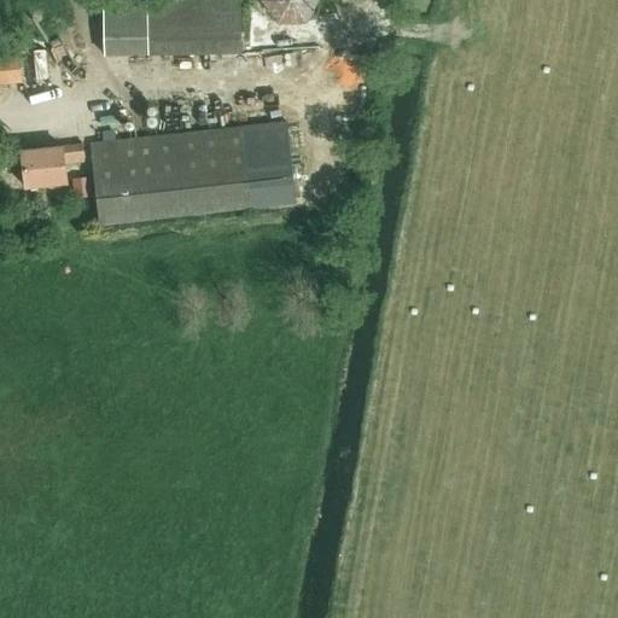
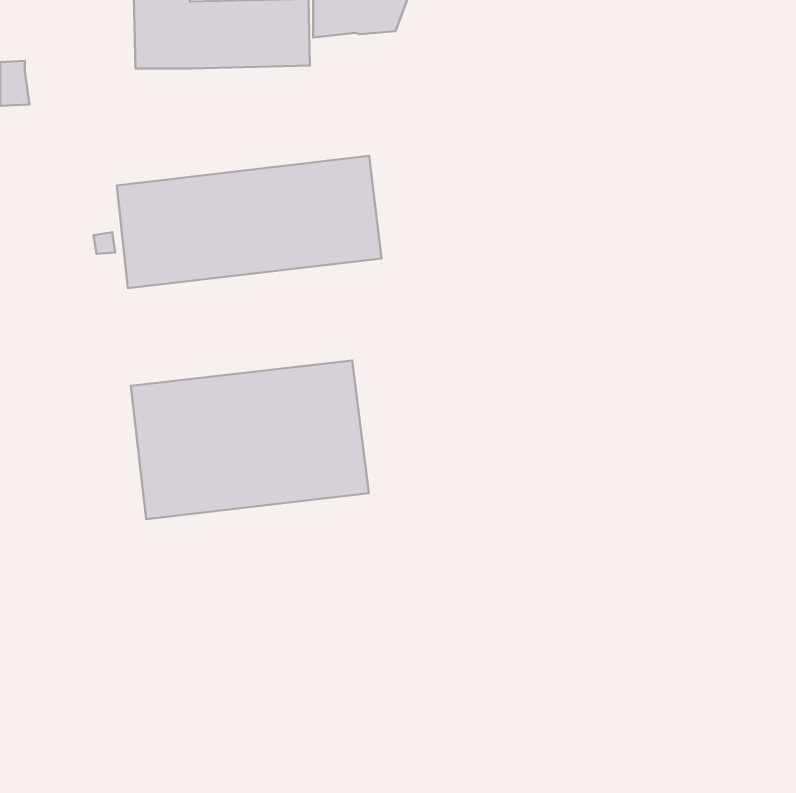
building: [21,145,83,187] -> none
building: none -> [131,360,369,519]

